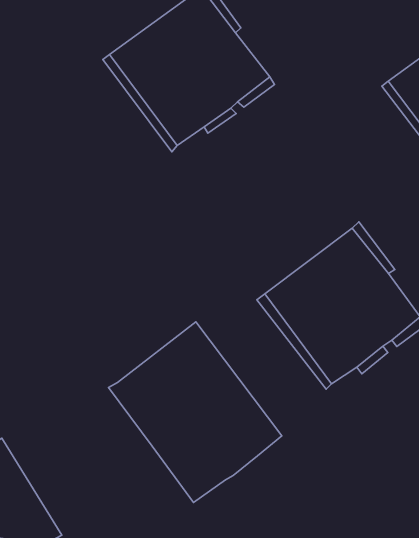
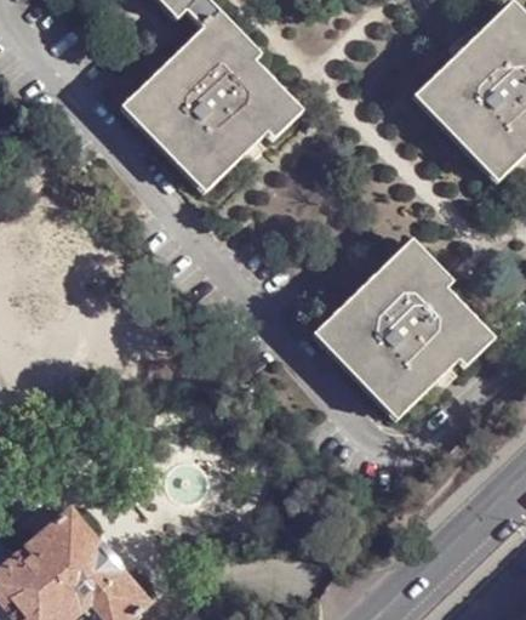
building: [109,322,282,503] -> none

